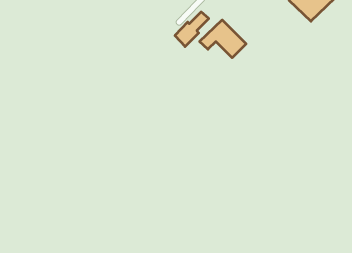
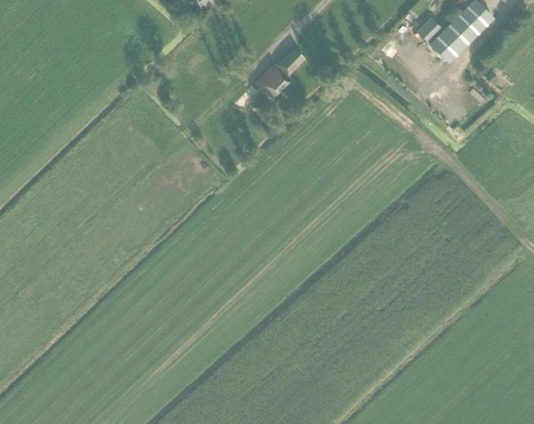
building: [200,20,246,58] -> none

